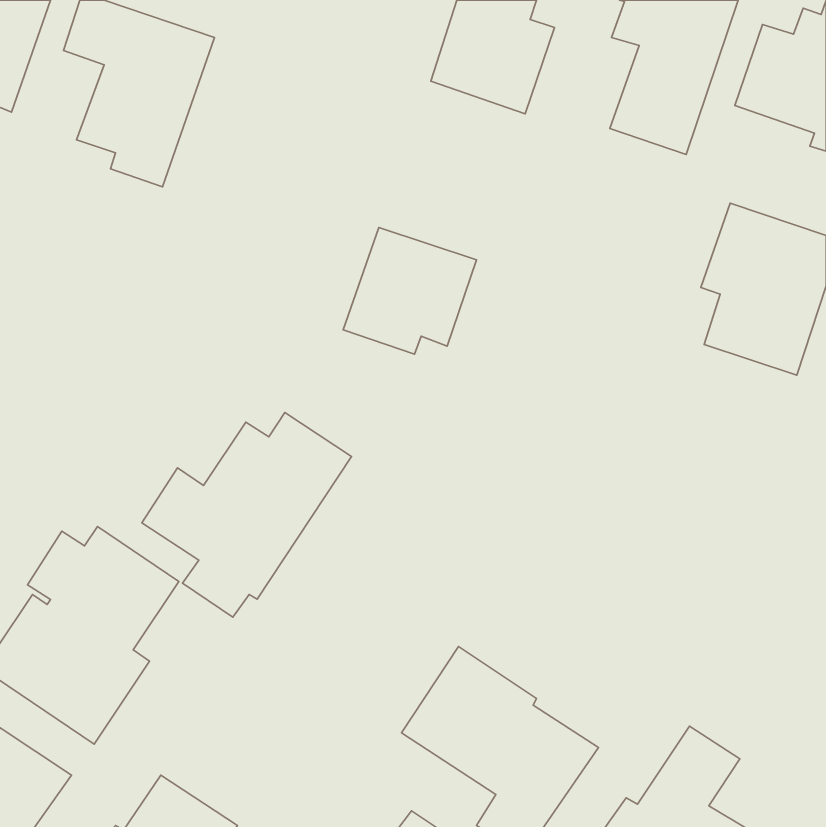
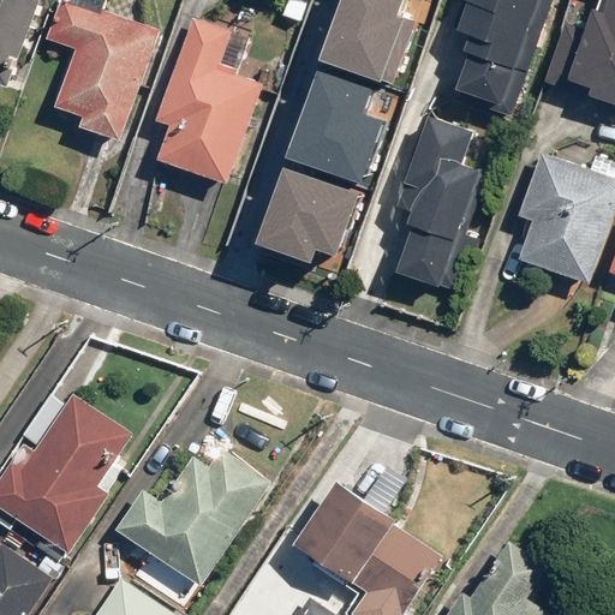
building: none -> [157,18,259,183]
building: none -> [285,72,377,184]
building: none -> [393,119,482,294]
building: [142,412,352,617] -> [115,447,270,598]

